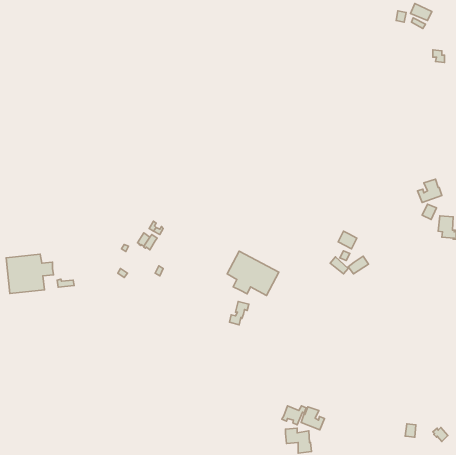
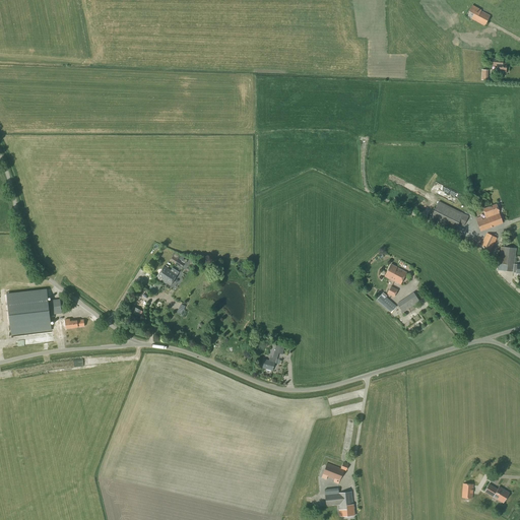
building: none -> [429,200,468,232]
building: [227,251,279,295] -> none
building: [301,407,324,430] -> none

